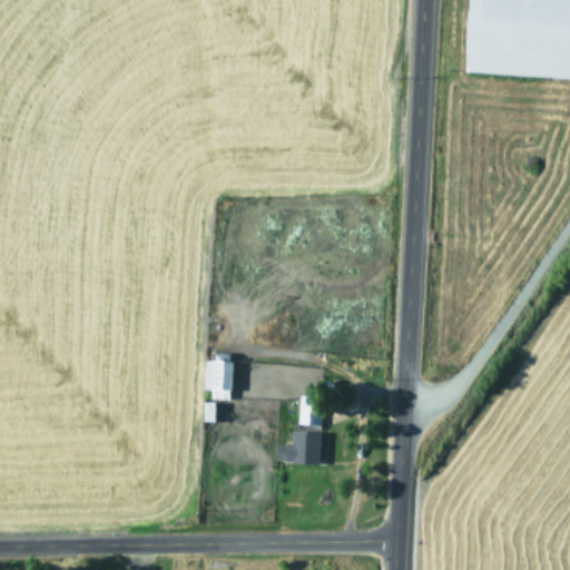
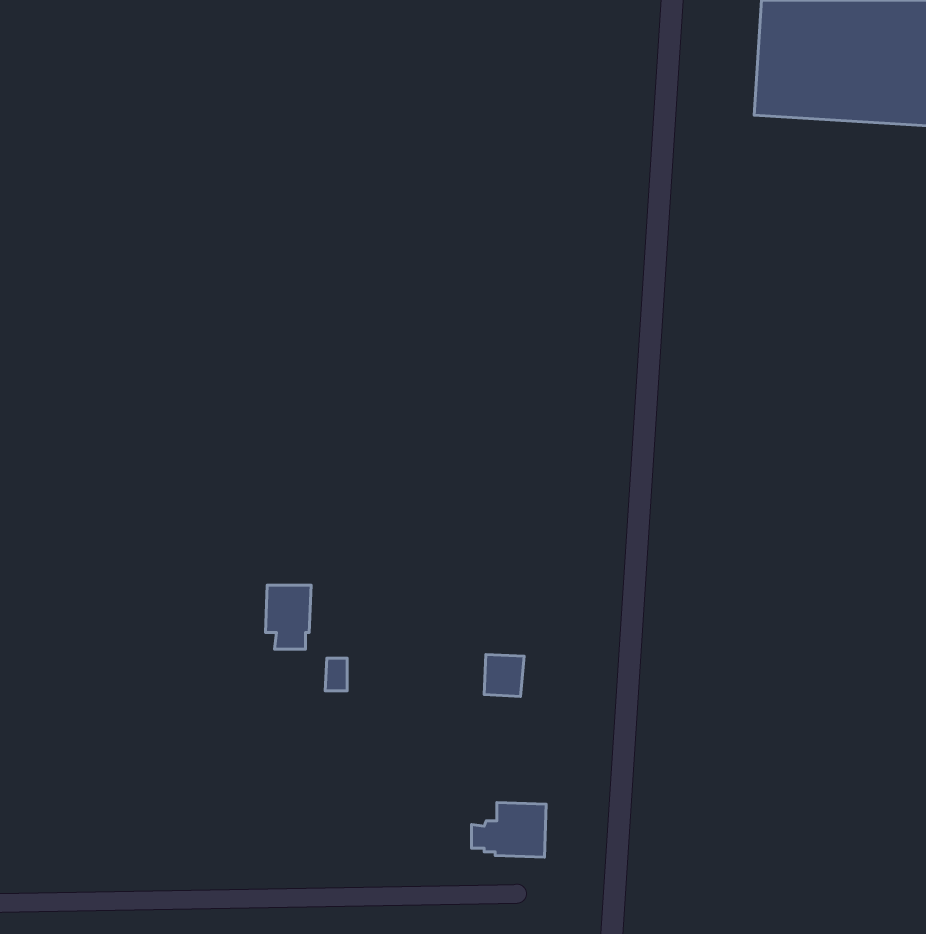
building: [206,360,234,399] -> [265,585,311,649]
building: [277,431,323,464] -> [471,802,546,857]

